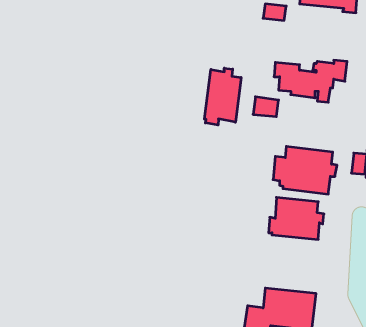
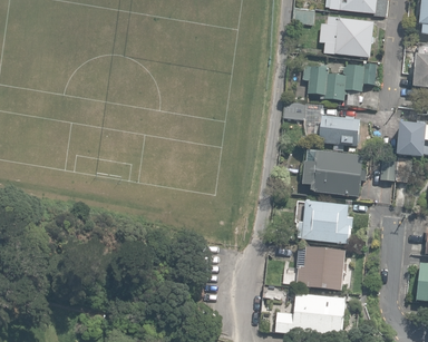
building: none -> [319,16,373,57]
building: [204,68,241,125] -> none
building: none -> [319,114,359,146]
building: none -> [296,245,348,289]

